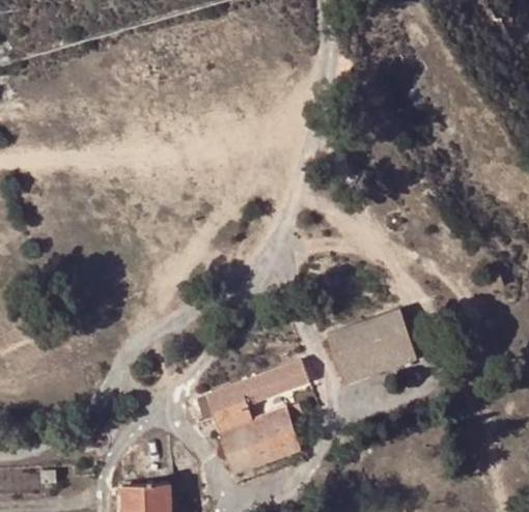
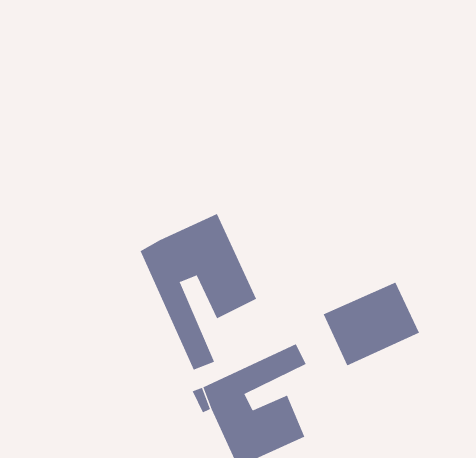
building: none -> [140,213,257,371]

